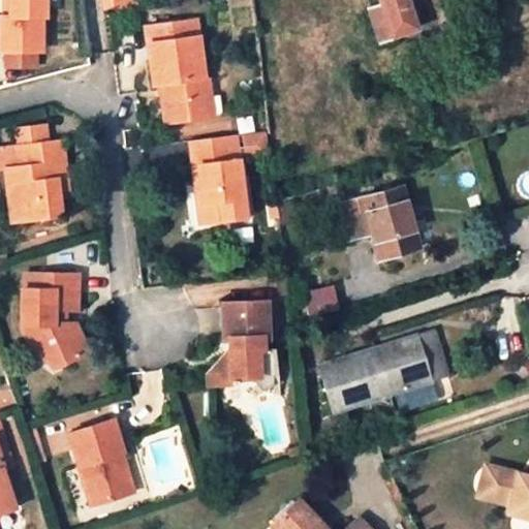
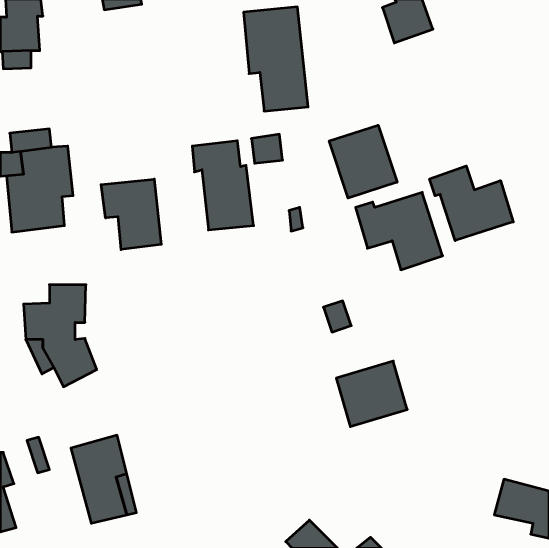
building: [145,20,207,120] -> [244,7,308,111]
building: none -> [329,125,397,198]
building: none -> [430,166,513,241]
building: none -> [101,179,161,250]
building: [207,302,282,392] -> none
building: [378,332,454,394] -> none

